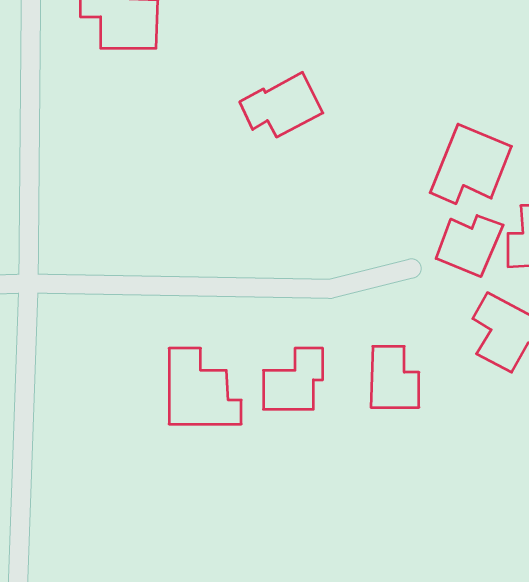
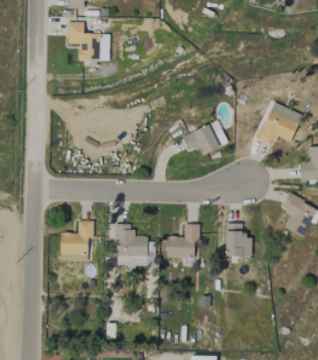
building: [240,72,323,137] -> [182,120,227,155]
building: [436,215,503,277] -> none
building: none -> [60,221,94,261]

